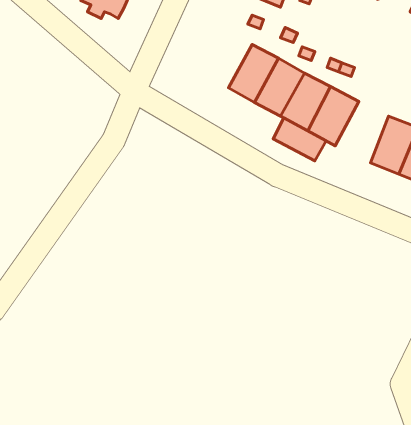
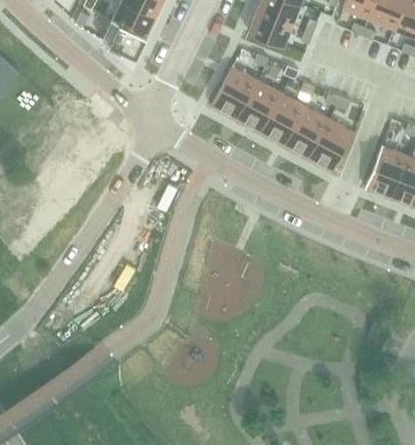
building: none -> [211,65,257,119]
building: [273,118,326,161] -> none

